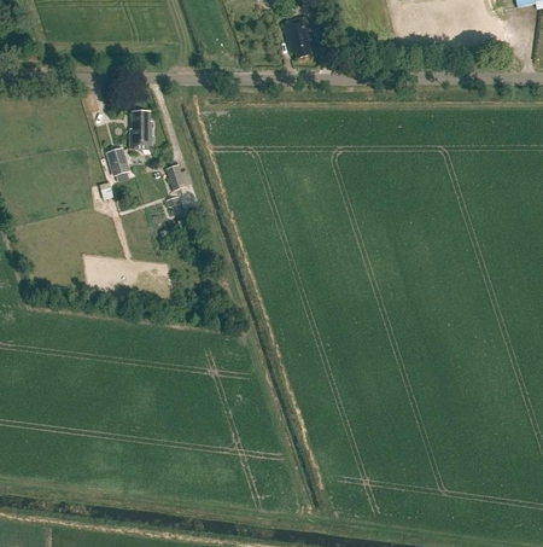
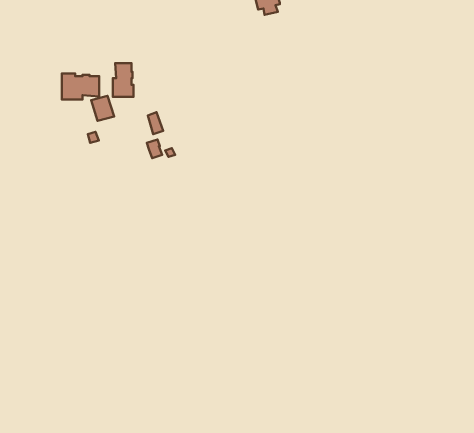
building: none -> [62,73,99,99]

